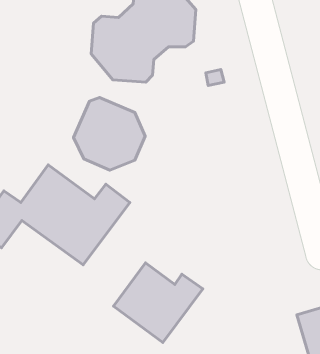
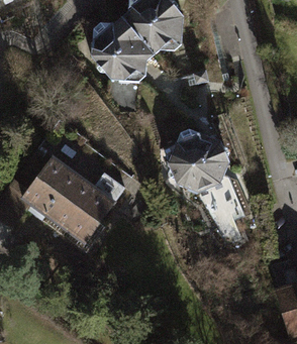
building: [73,98,145,170] -> [167,128,230,193]
building: [113,263,203,342] -> none

